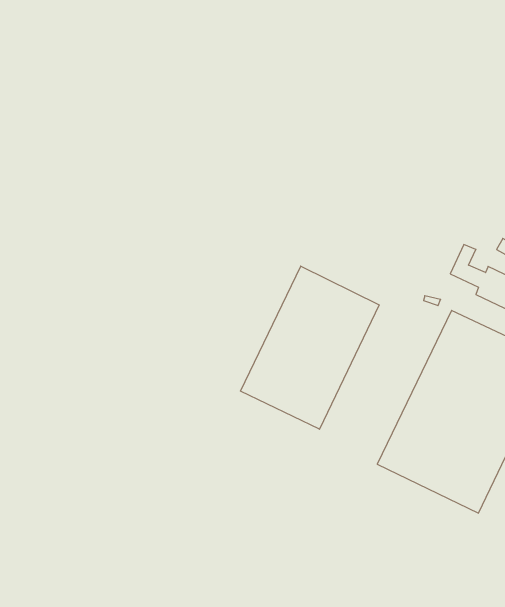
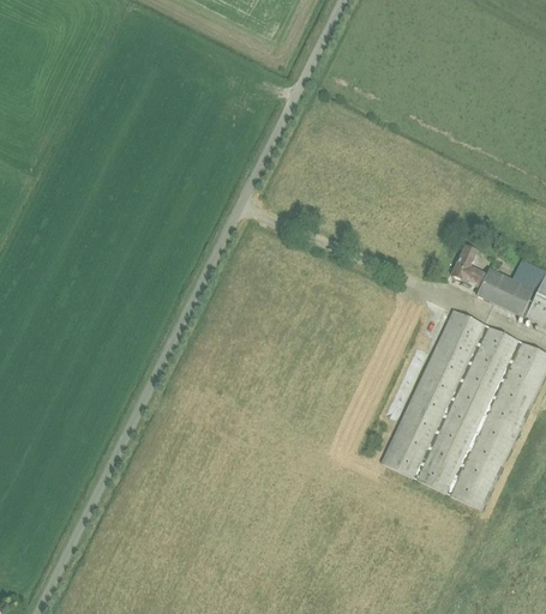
building: [240,266,379,429] -> none

